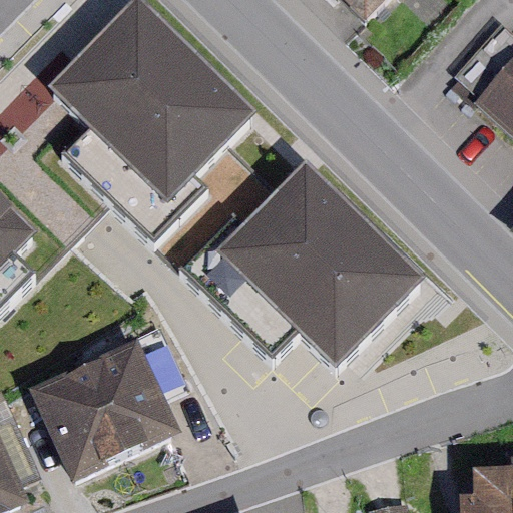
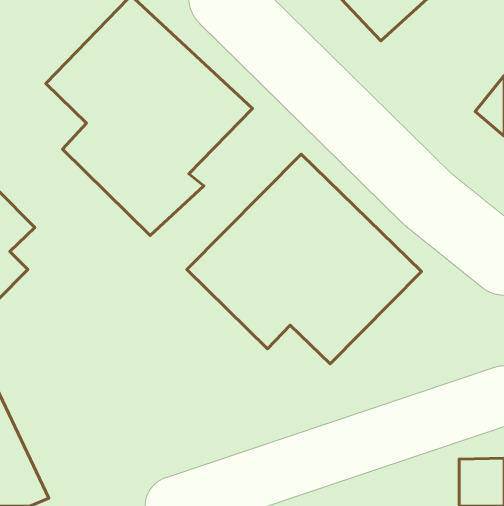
building: [32,339,187,495] -> none

